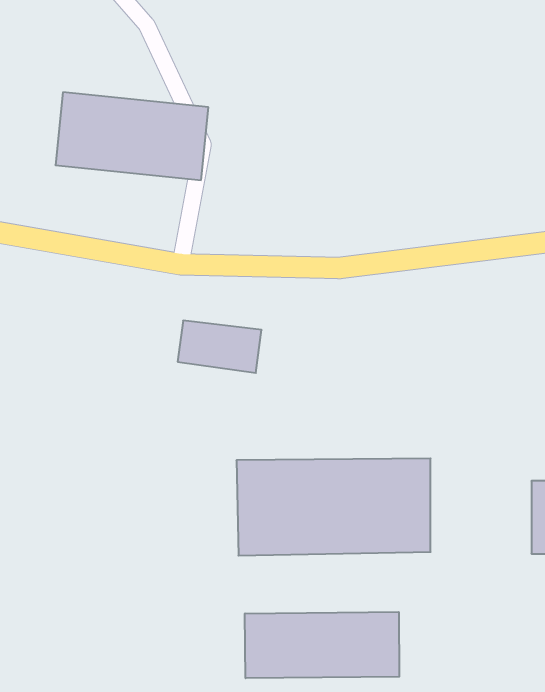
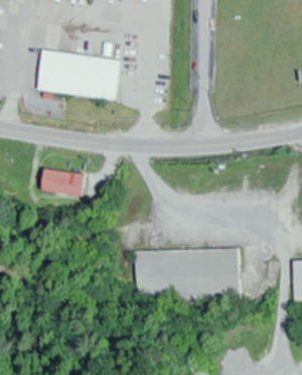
building: [178,321,262,373] -> [38,168,84,197]
building: [245,612,399,678] -> none

